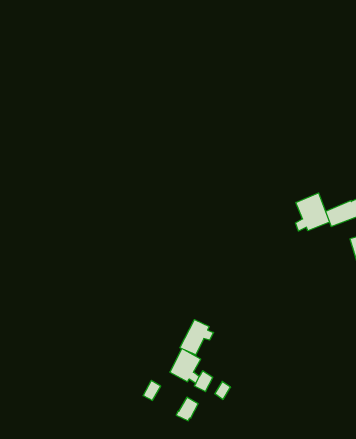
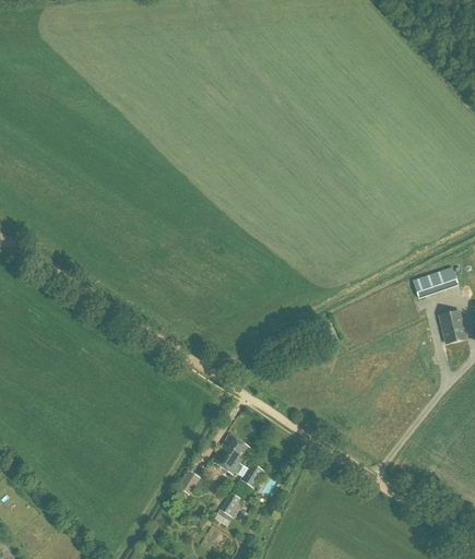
building: [296,193,329,231] -> none
building: [180,320,214,355] -> none

